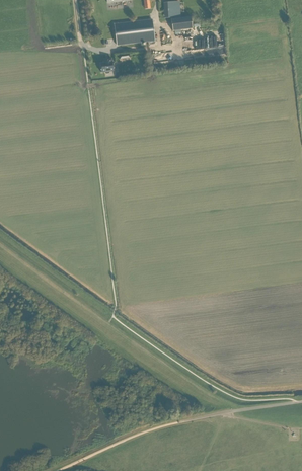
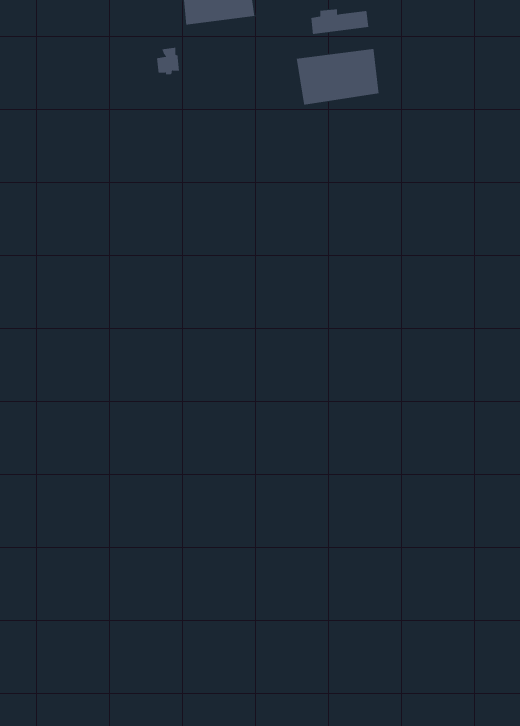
building: none -> [296,48,379,106]

